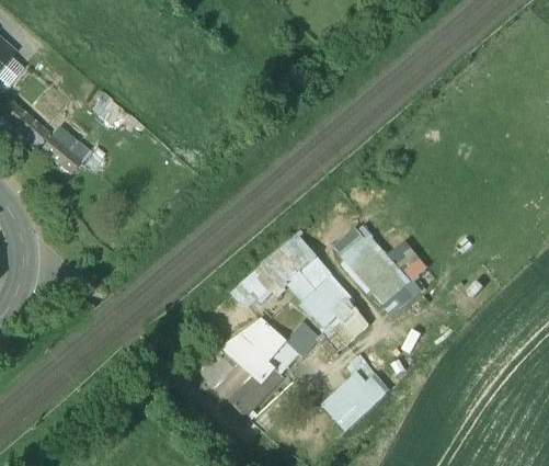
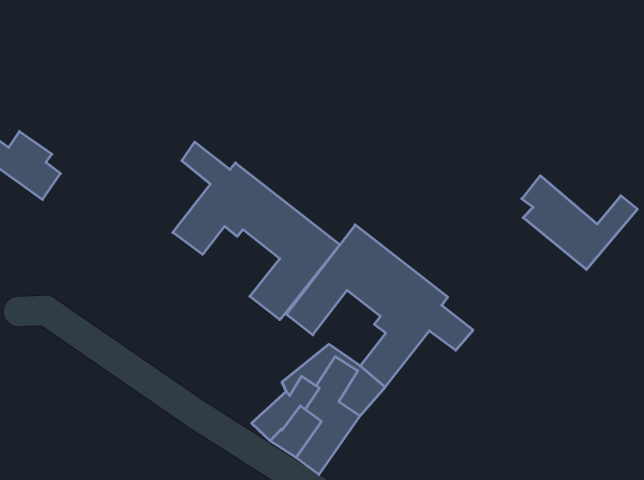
building: none -> [173,142,340,320]
building: [344,229,431,305] -> [522,176,637,270]
building: [321,370,388,429] -> none

